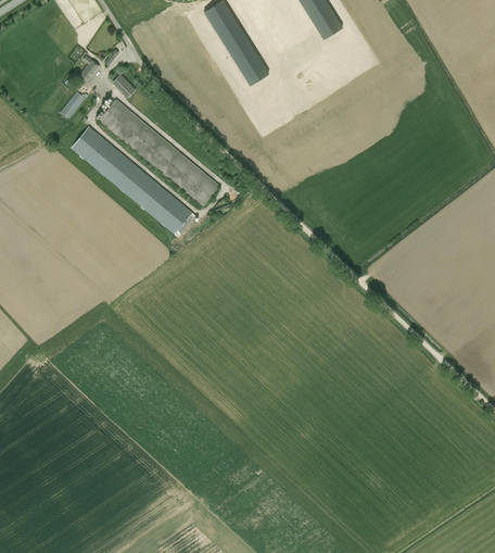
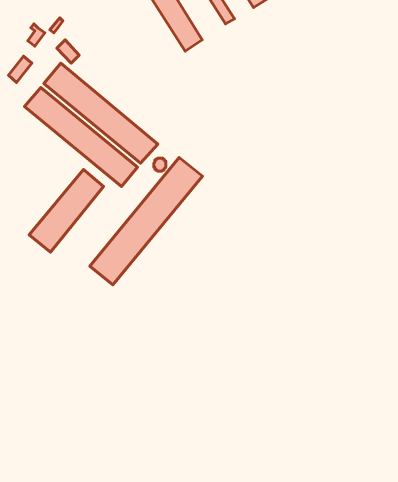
building: none -> [90,157,202,285]
building: none -> [29,169,104,252]

